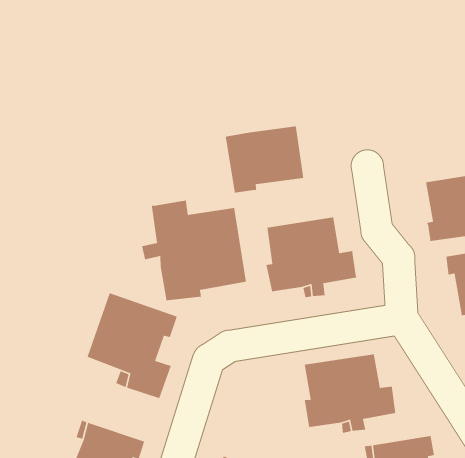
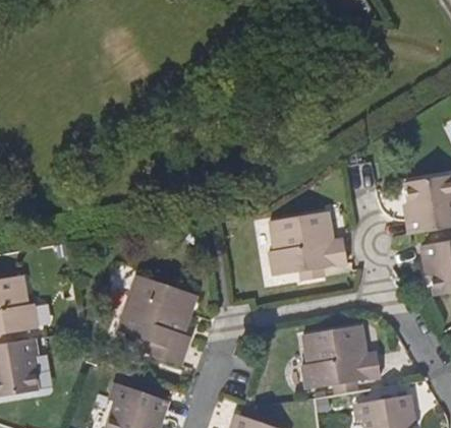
building: [225,126,304,194] -> none
building: [141,199,247,301] -> none

